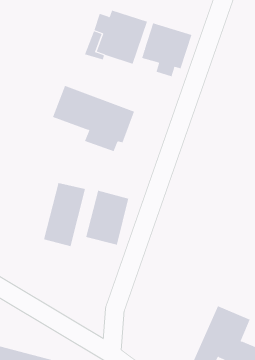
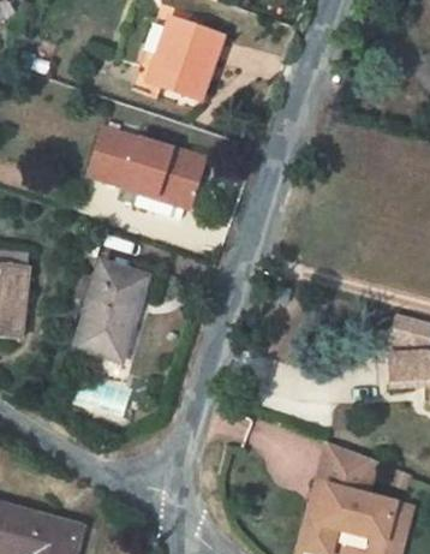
building: [142,23,192,77] -> none
building: [85,190,129,245] -> none

